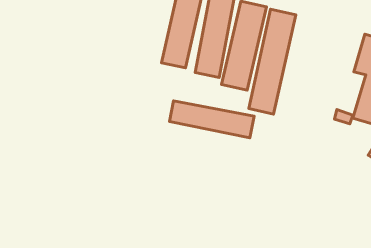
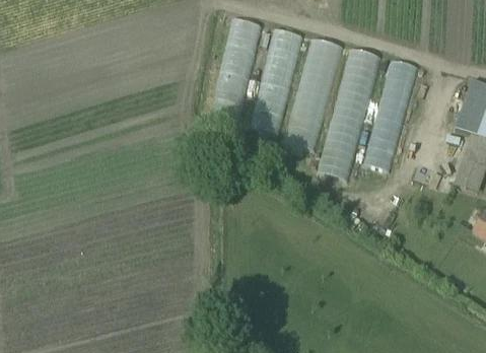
building: none -> [365,59,417,171]
building: [169,101,254,138] -> none

